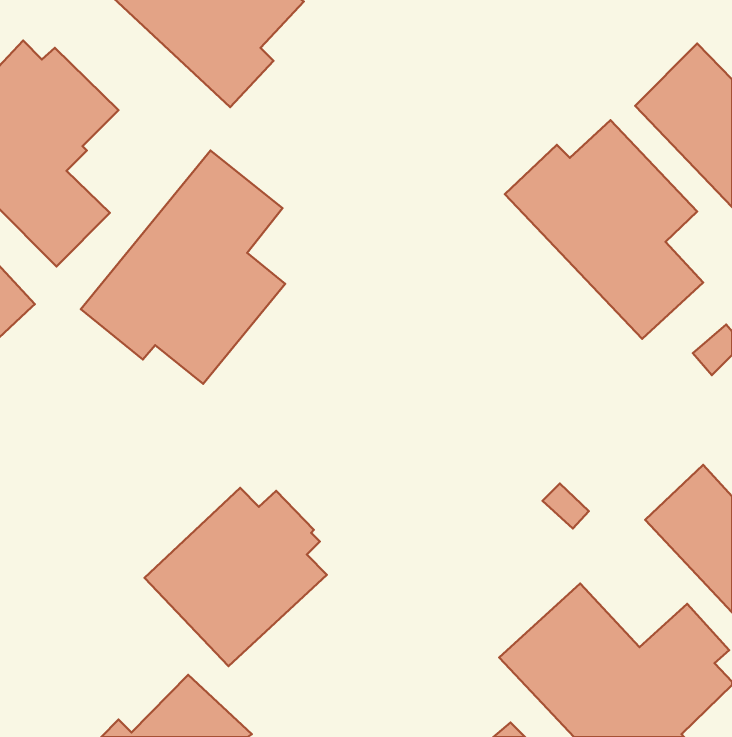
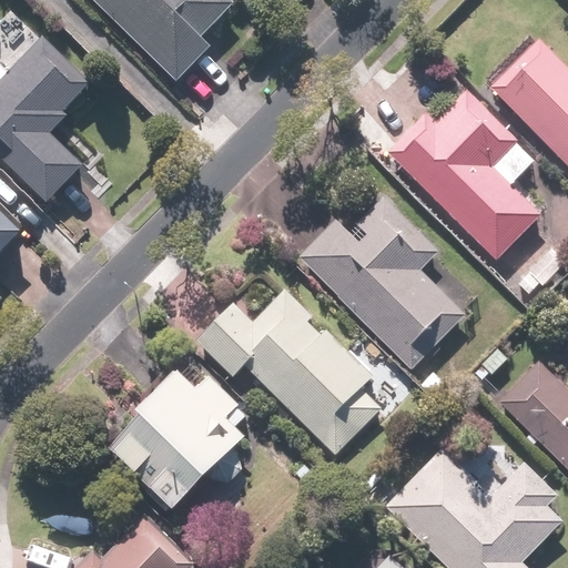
building: [81,151,285,384] -> none
building: none -> [296,195,465,371]
building: none -> [196,290,383,458]

